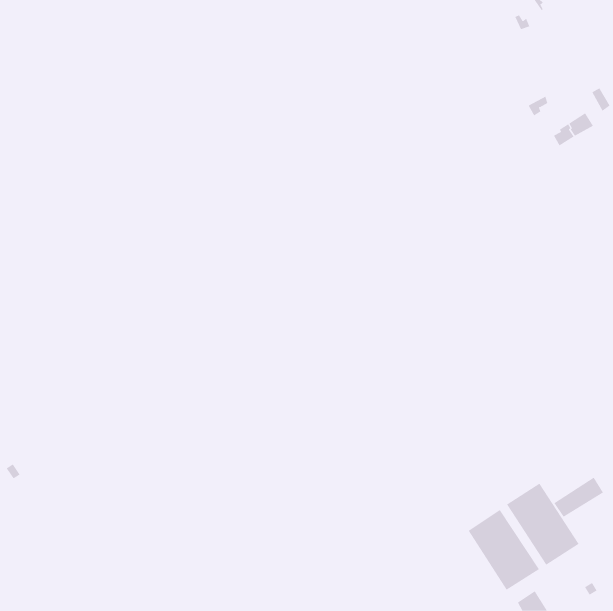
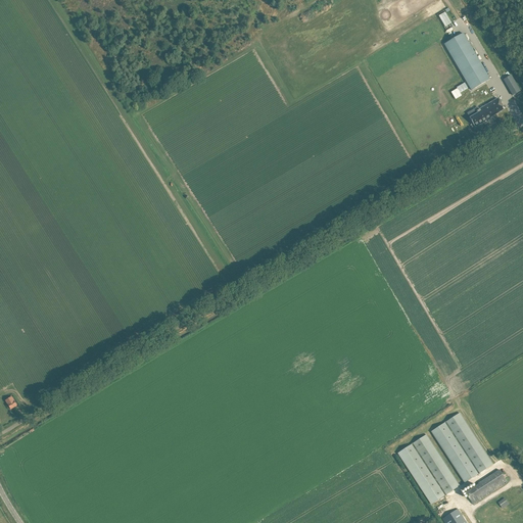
building: none -> [445,33,490,89]
building: [553,477,604,517] -> [465,468,508,503]

